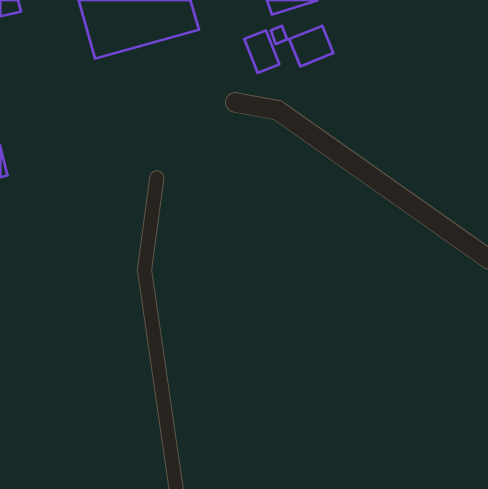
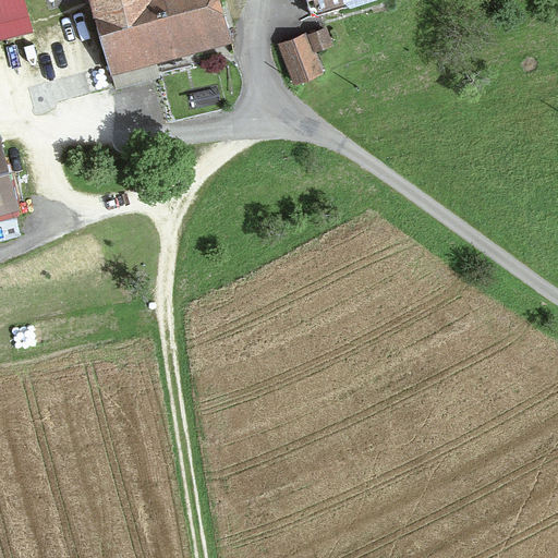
building: [289,26,333,66] -> none

